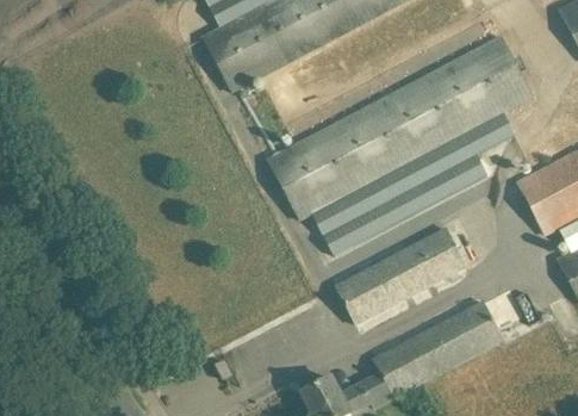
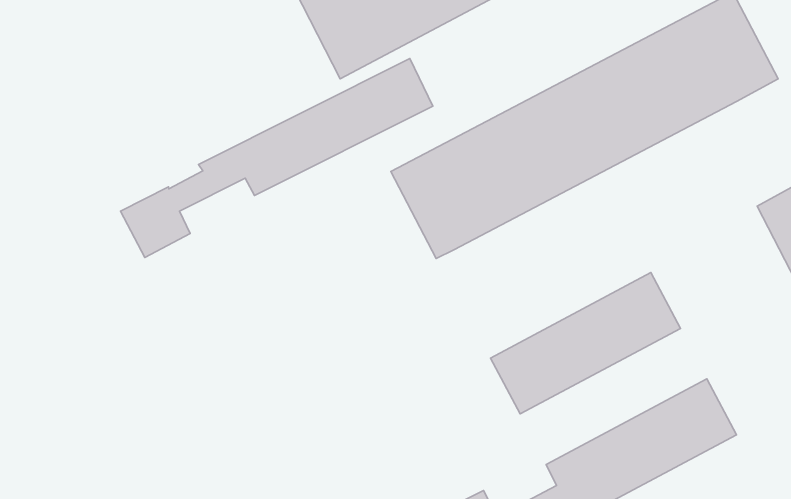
building: none -> [120,59,433,258]
building: [311,110,517,254] -> none

